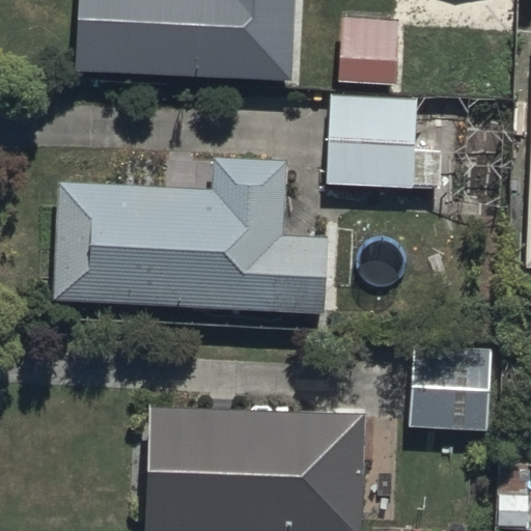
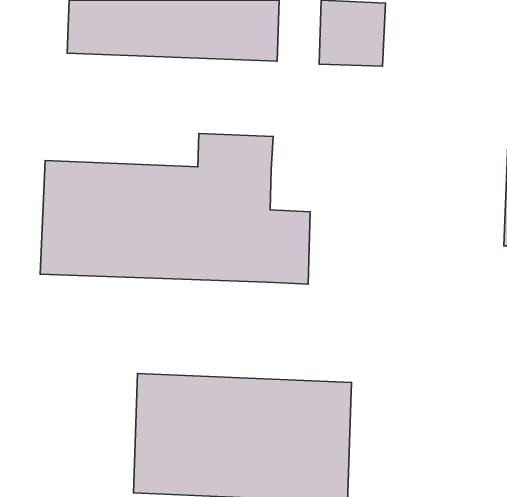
building: [328,100,420,195] -> none
building: [414,339,492,432] -> none

